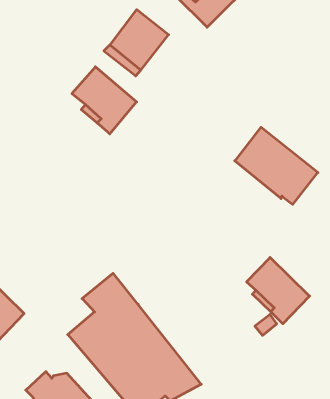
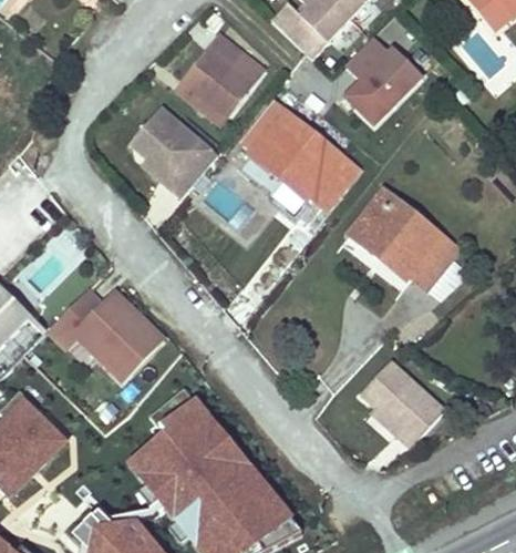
building: none -> [345,34,425,123]
building: none -> [247,110,358,211]
building: none -> [48,290,161,380]

